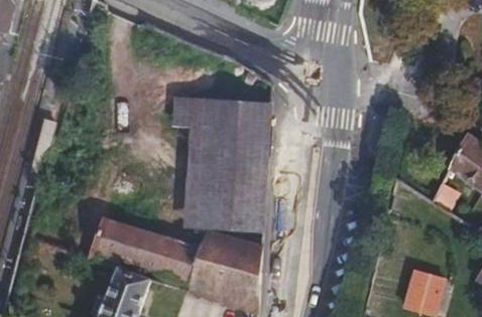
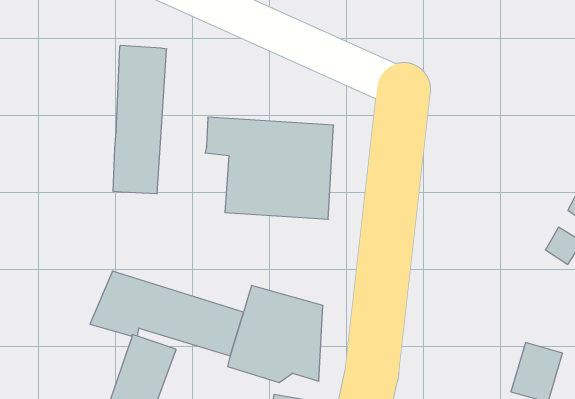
building: none -> [113,45,167,194]
building: [183,172,265,231] -> none

